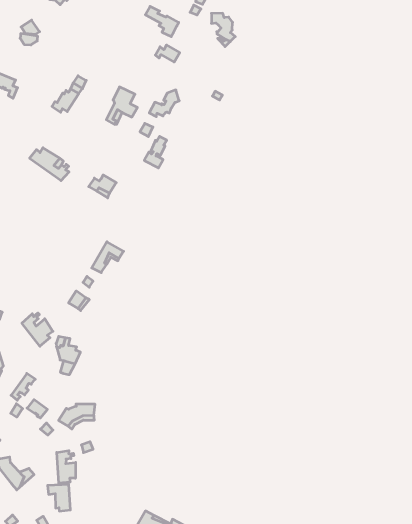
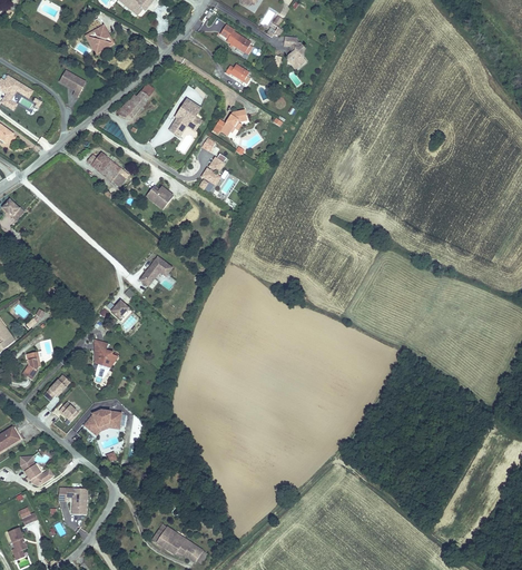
building: [22,313,53,346] -> none
building: [57,451,76,483] -> none

